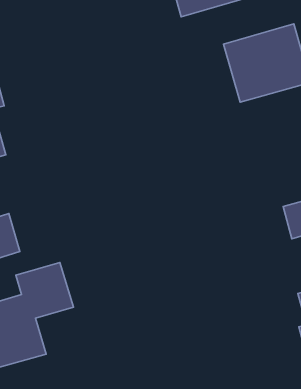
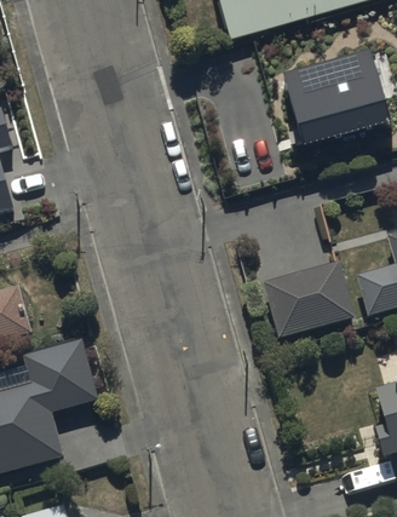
building: none -> [263,259,356,337]

